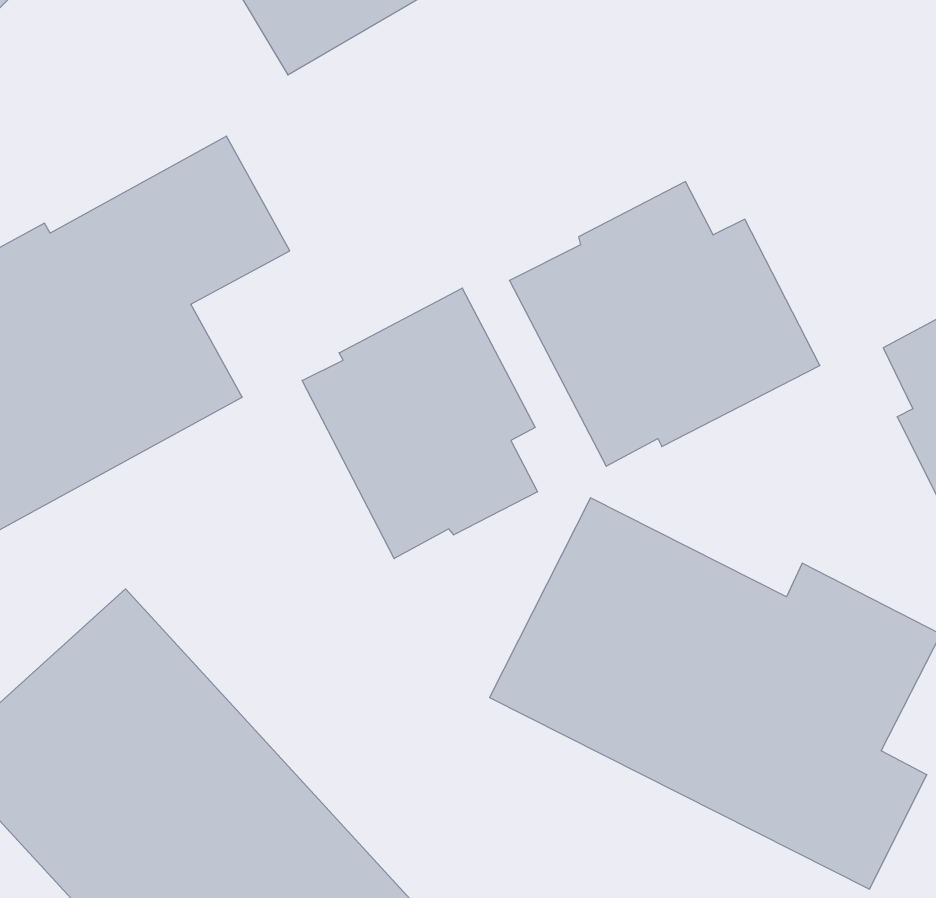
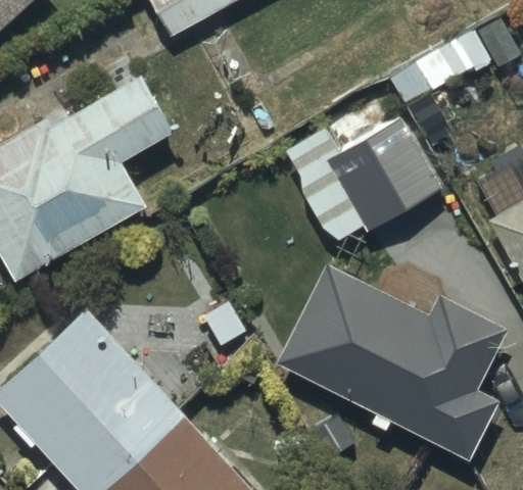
building: [302,288,537,559] -> none

